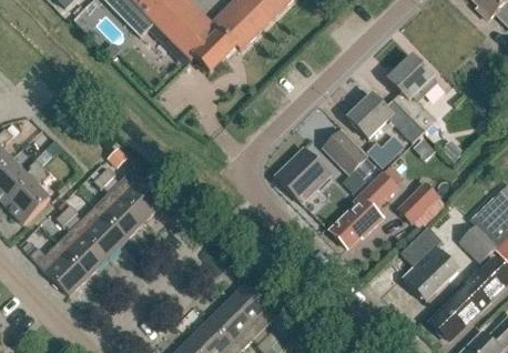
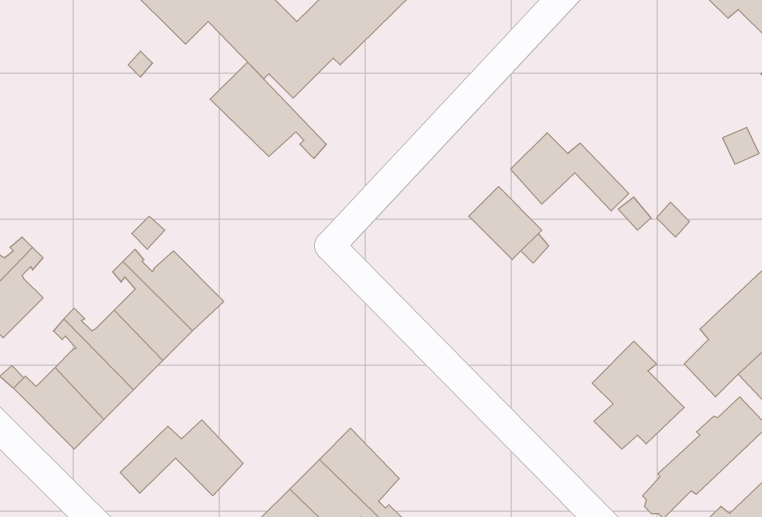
building: none -> [210,62,326,158]
building: [386,56,434,132] -> none
building: [368,132,407,164] -> none
building: [278,149,329,203] -> none
building: [329,174,398,248] -> none
building: [395,181,438,223] -> none
building: none -> [120,420,243,496]

